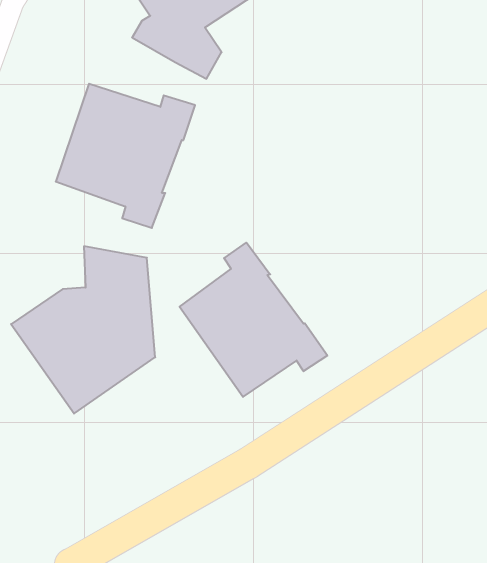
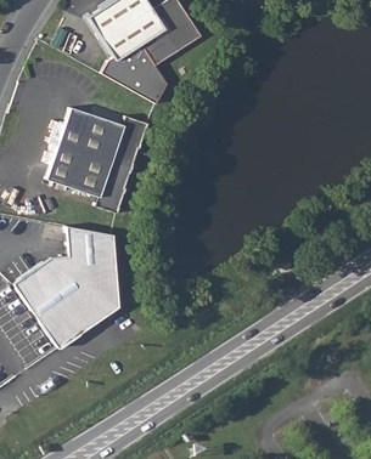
building: [180,243,327,397] -> none

